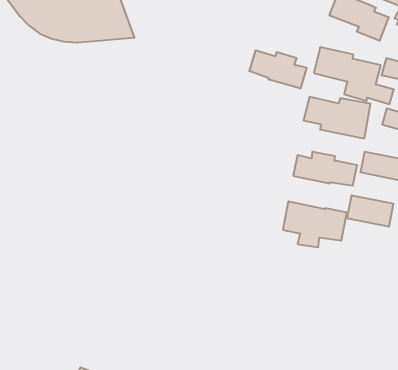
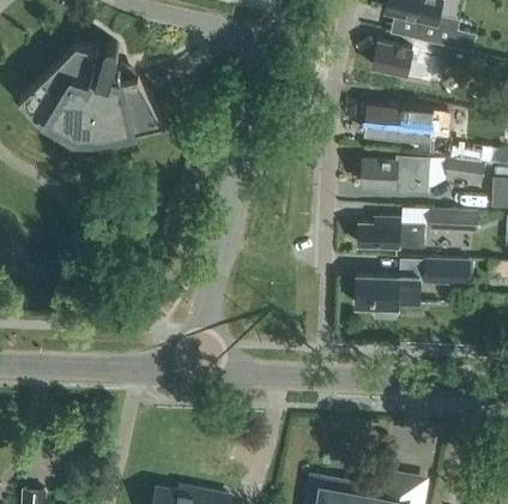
building: [249,50,307,89] -> none

